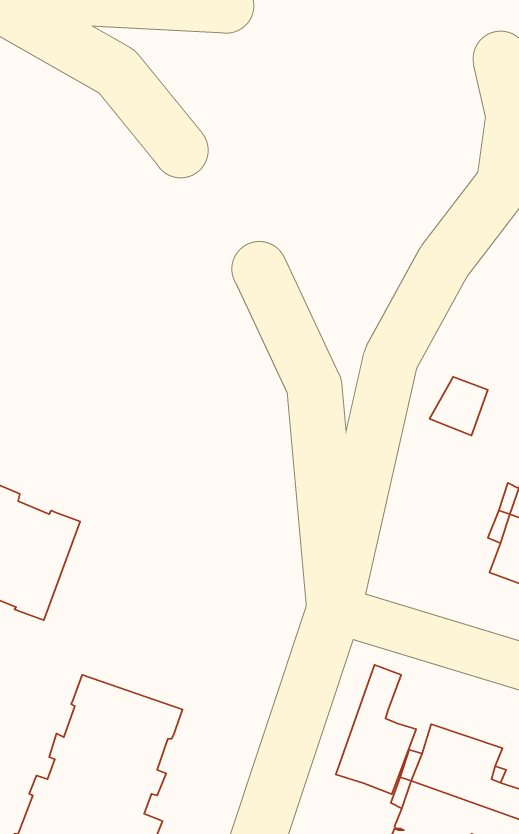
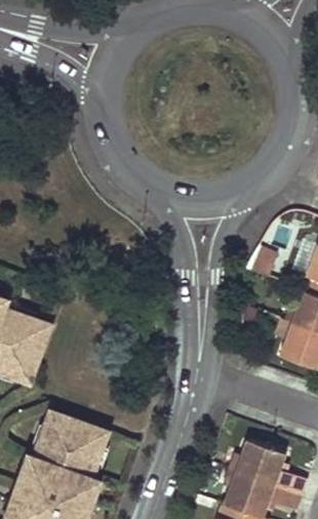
building: [336,665,416,794] -> none

